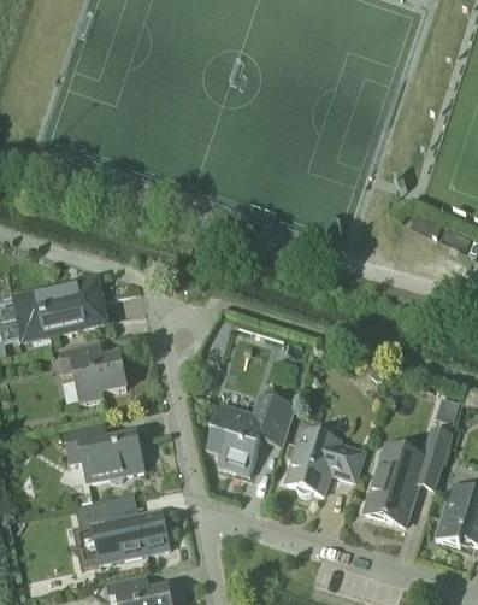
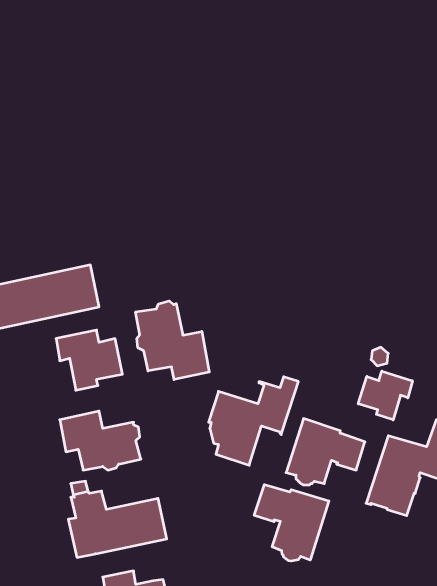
building: none -> [136,301,209,380]
building: none -> [358,371,412,420]
building: none -> [254,485,329,561]

